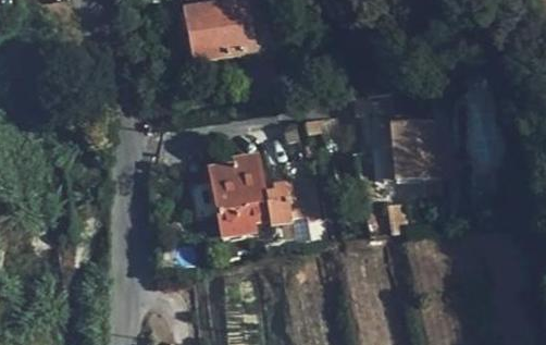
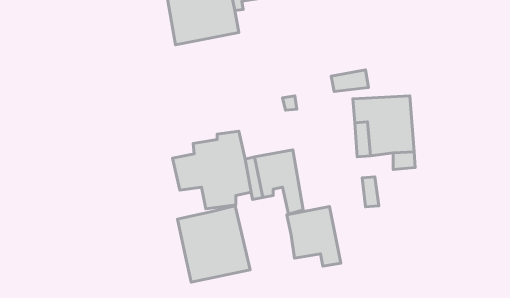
building: none -> [178,206,250,282]
building: none -> [287,207,341,266]

